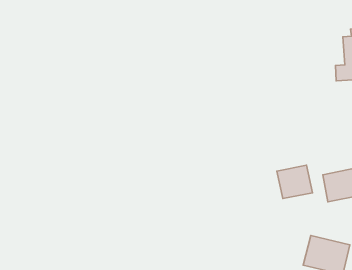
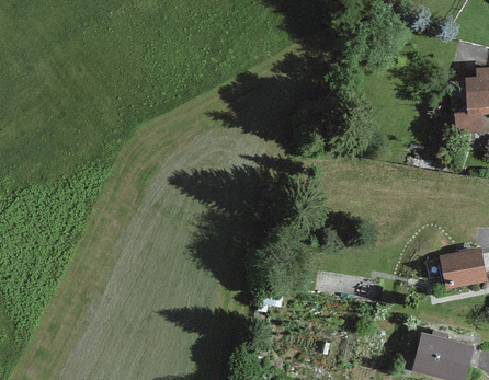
building: [277,165,312,199] -> none

